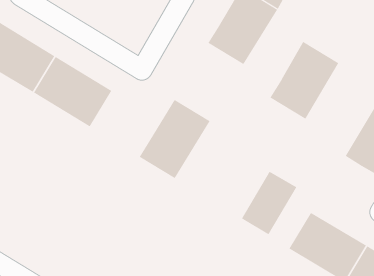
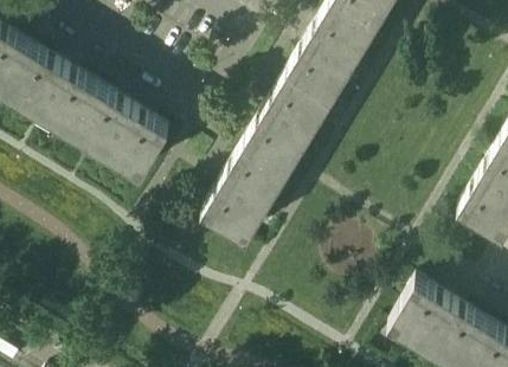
building: [270,41,339,120] -> [249,69,335,166]
building: [241,171,297,235] -> none

